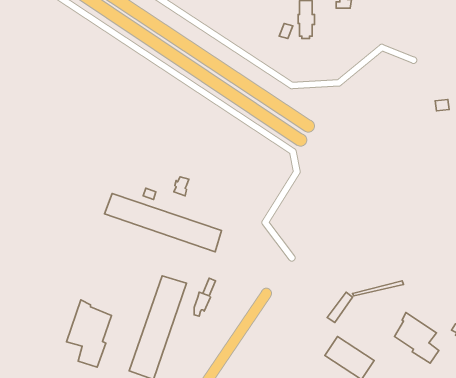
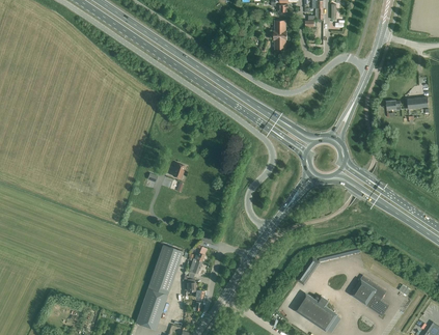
building: [104,194,222,252] -> none
building: [66,300,111,367] -> none

